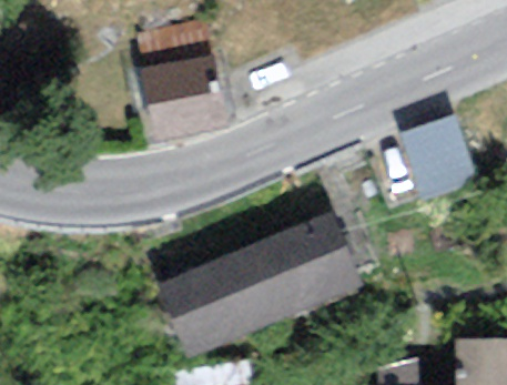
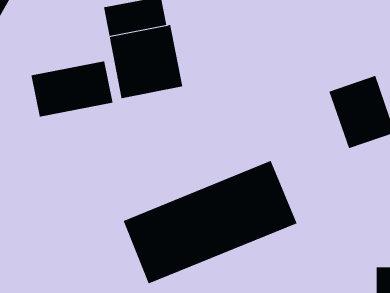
building: none -> [31,60,113,118]

